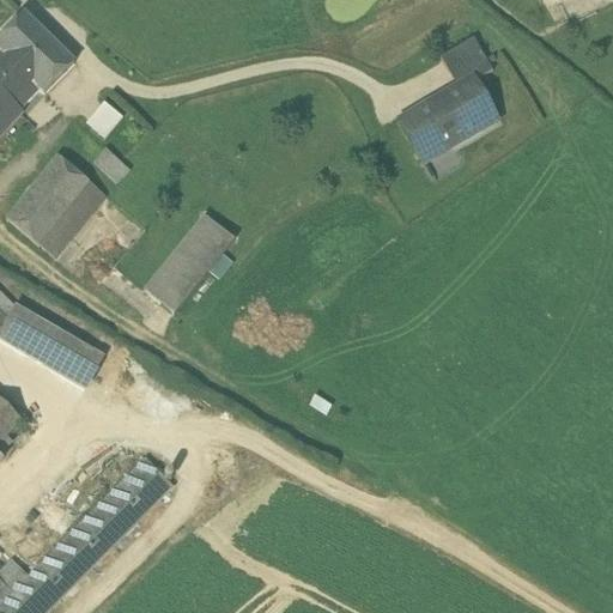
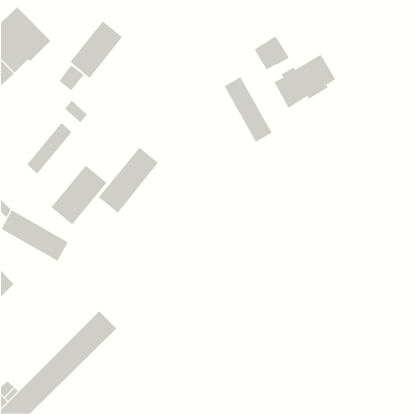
building: none -> [69,20,123,79]
building: [441,36,493,87] -> [254,36,290,71]
building: none -> [224,76,272,143]
building: [6,153,90,242] -> [50,165,107,225]

